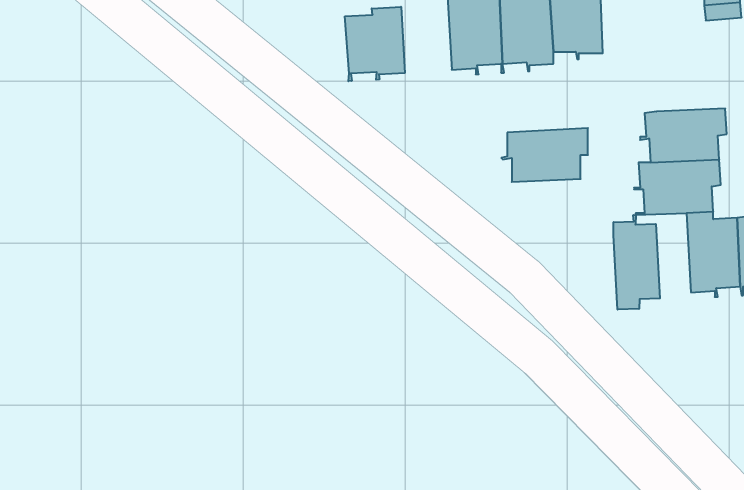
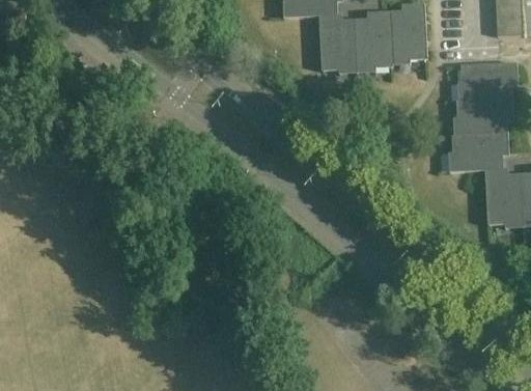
building: [345,7,405,81] -> none
building: [501,128,588,182] -> [457,62,518,100]
building: [613,215,660,310] -> none

